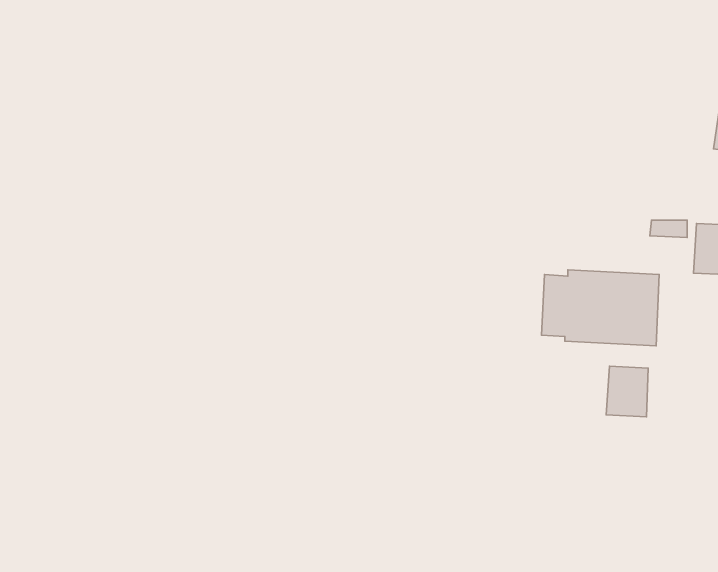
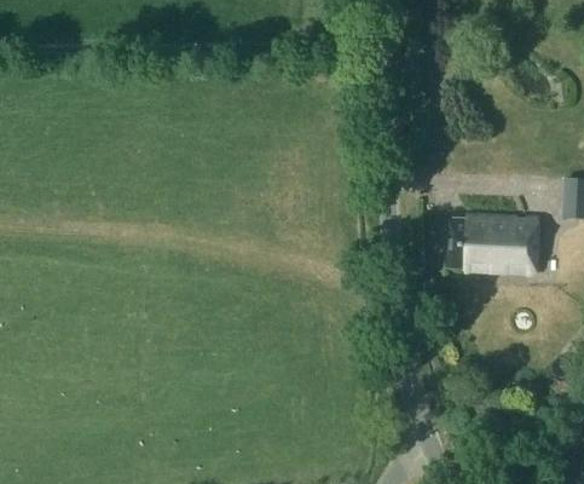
building: [606,366,648,417] -> none

